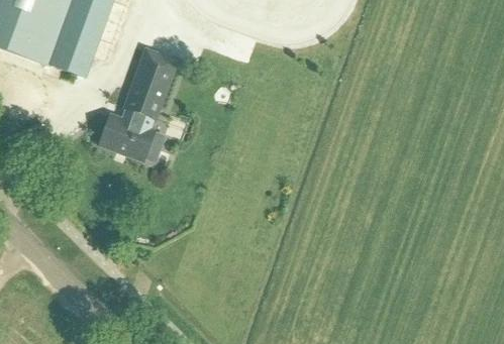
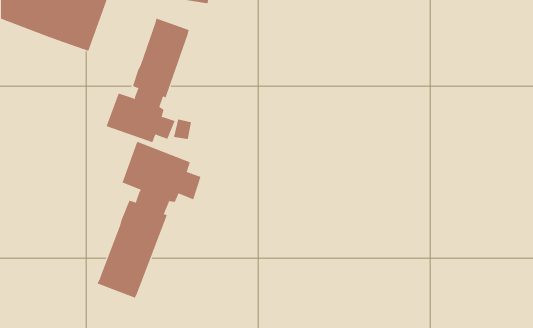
building: none -> [97,141,201,298]

